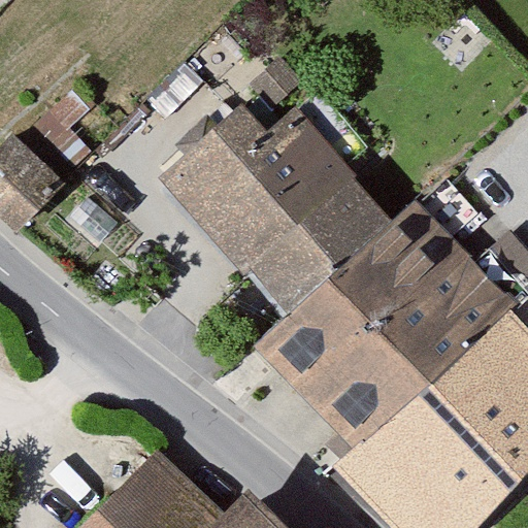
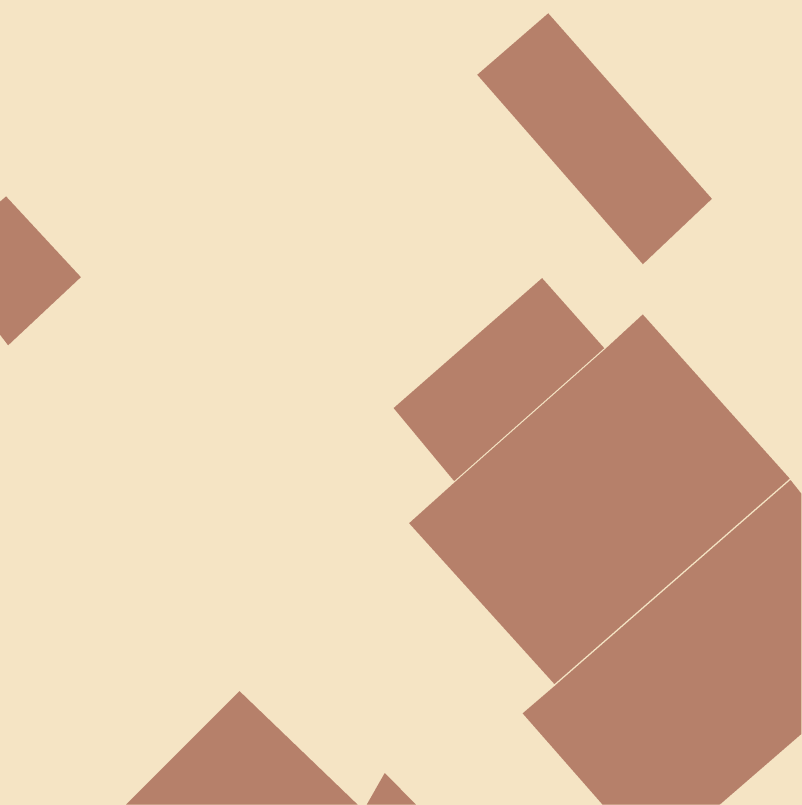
building: none -> [476,12,713,265]
building: [167,105,355,273] -> none

